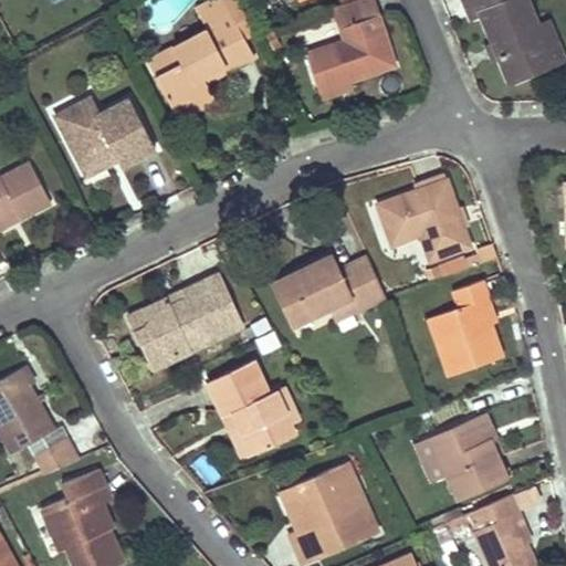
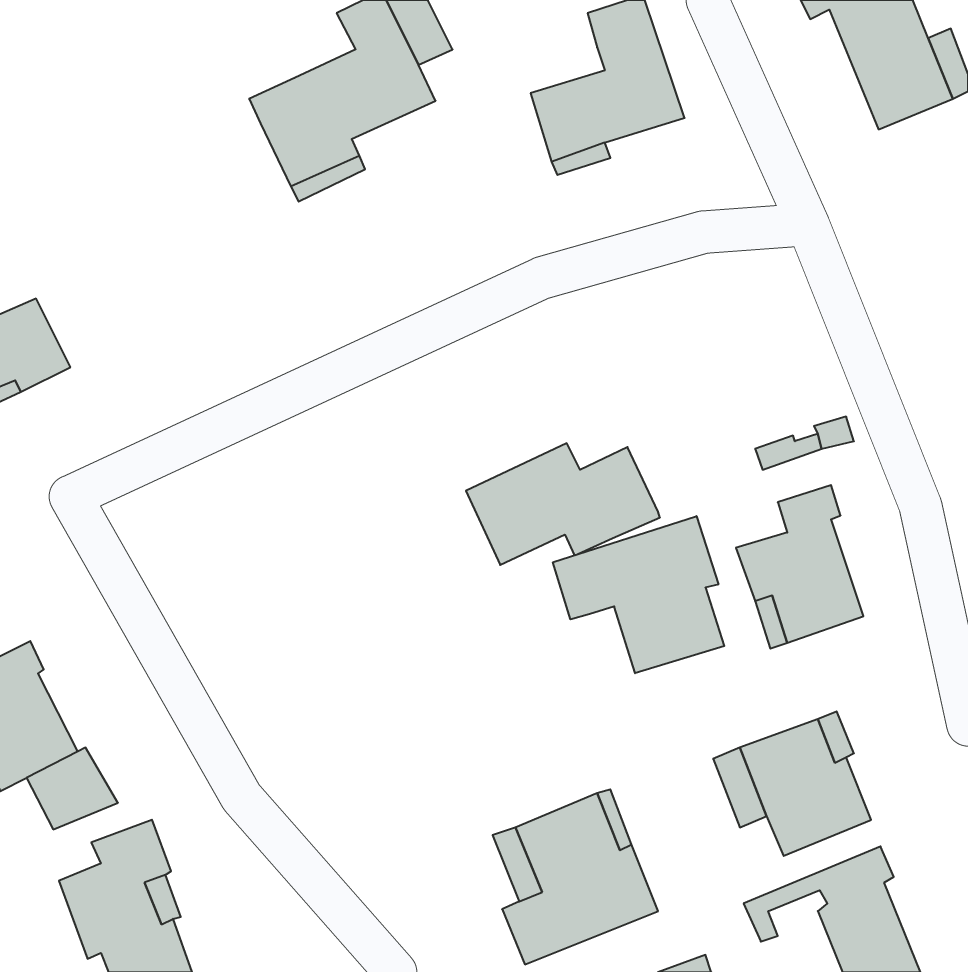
building: [56,96,156,175] -> none
building: [375,177,467,259] -> none
building: [126,274,241,367] -> none
building: none -> [553,516,724,673]
building: [210,361,300,459] -> none

